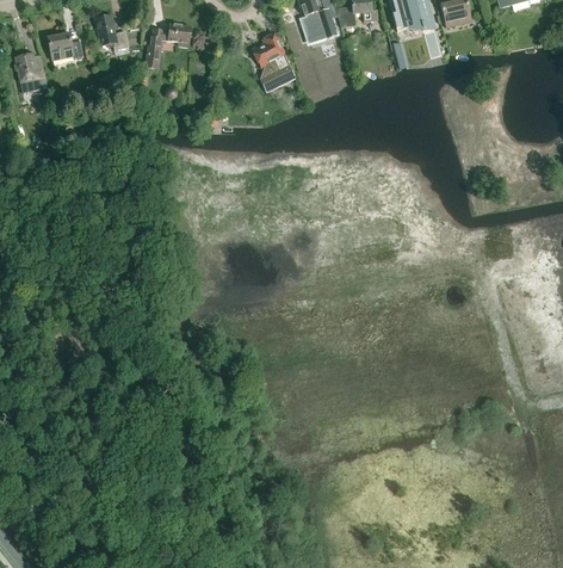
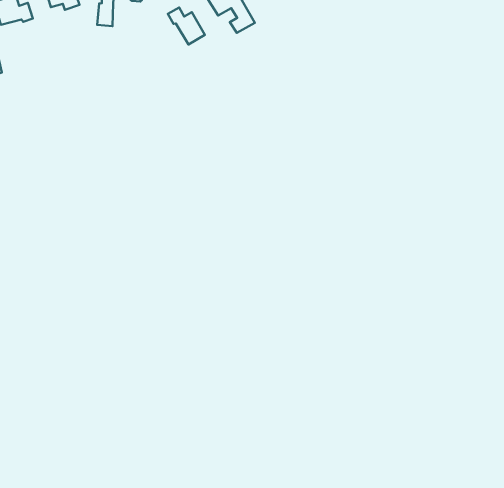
building: none -> [168,7,205,44]

